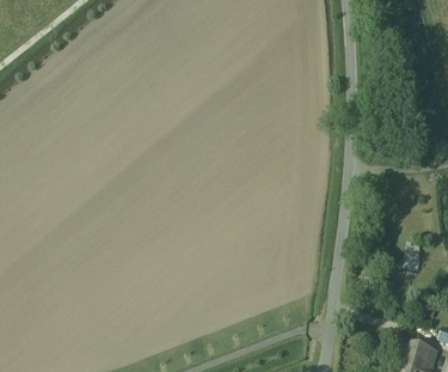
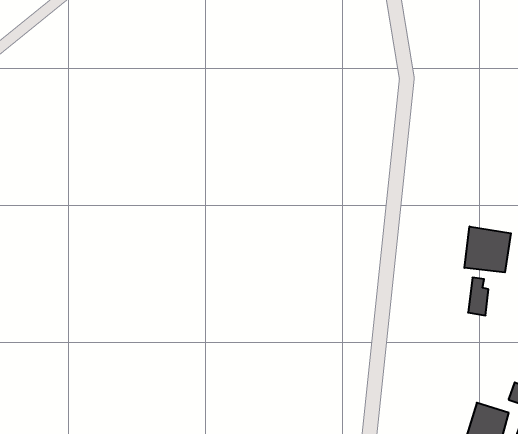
building: none -> [464,226,511,272]

